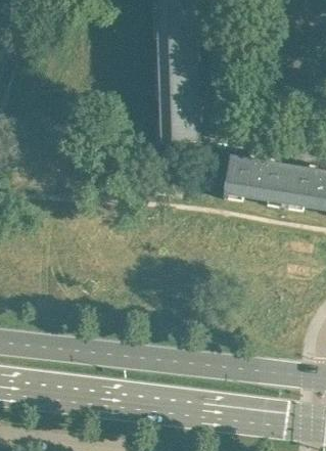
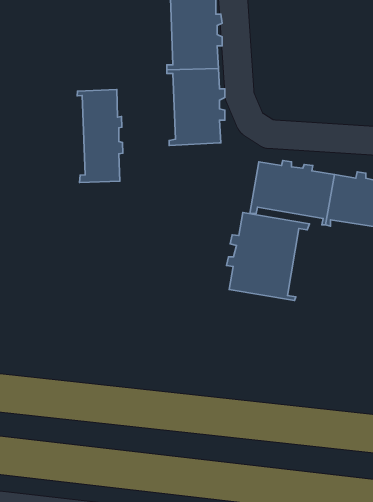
building: none -> [77,90,123,183]
building: none -> [227,212,309,300]

